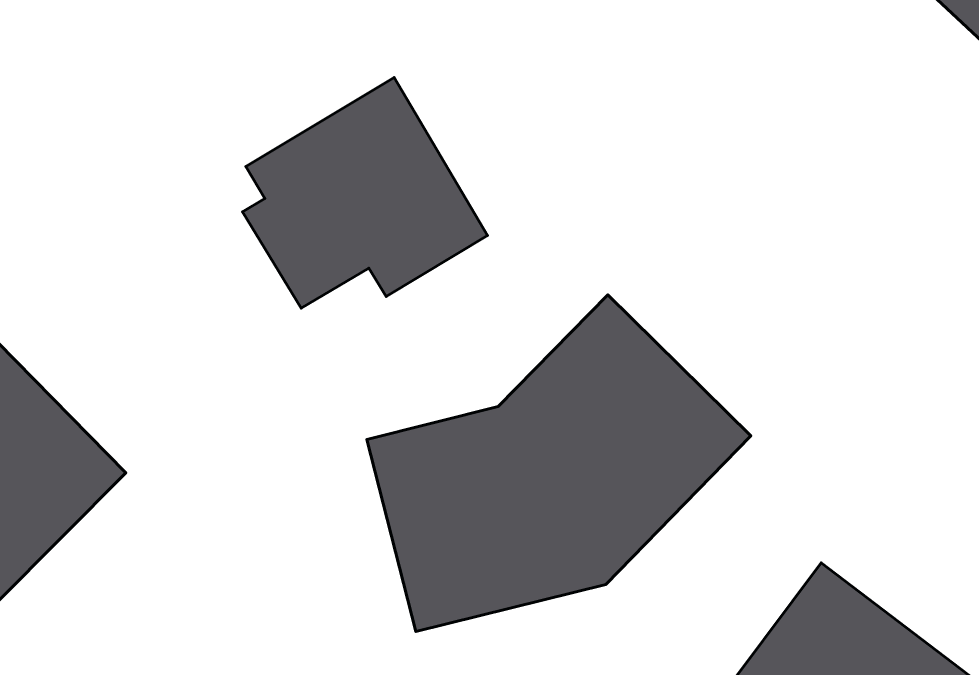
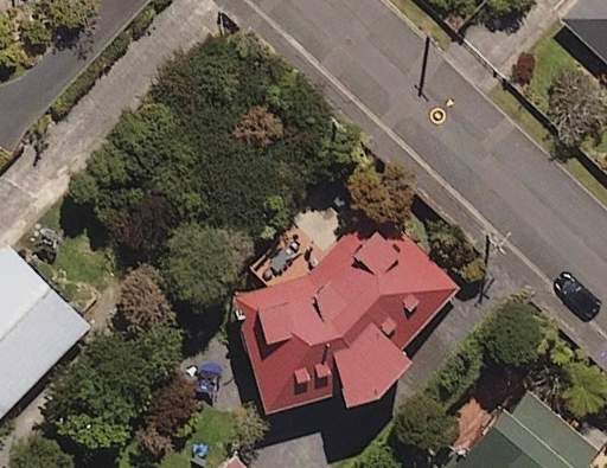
building: [242,77,488,308] -> none

